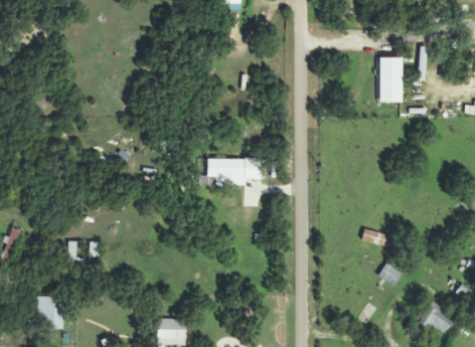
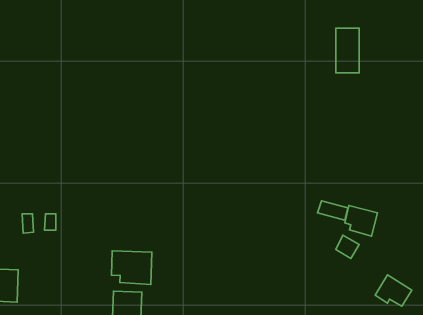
building: [207,159,262,186] -> none
building: none -> [345,206,377,236]
building: none -> [112,251,152,284]

